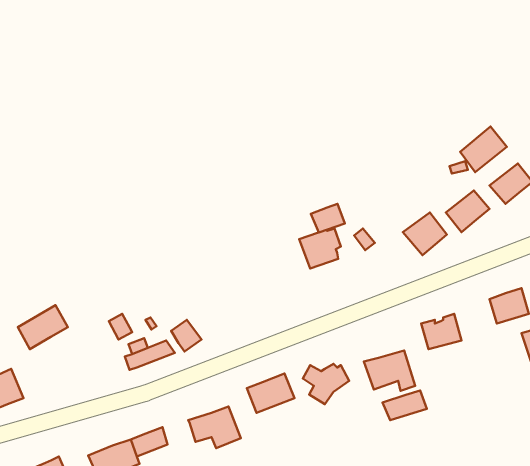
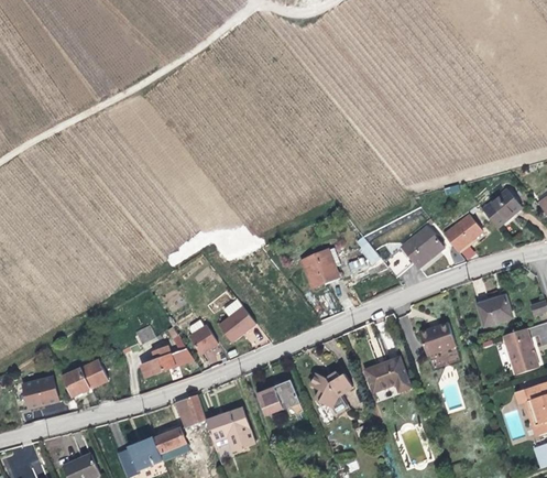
building: [460,126,507,172] -> none
building: [311,204,345,232] -> none
building: none -> [218,312,255,346]
building: [18,305,68,349] -> [58,354,103,393]
building: none -> [176,392,207,426]
building: [383,390,427,420] -> none

